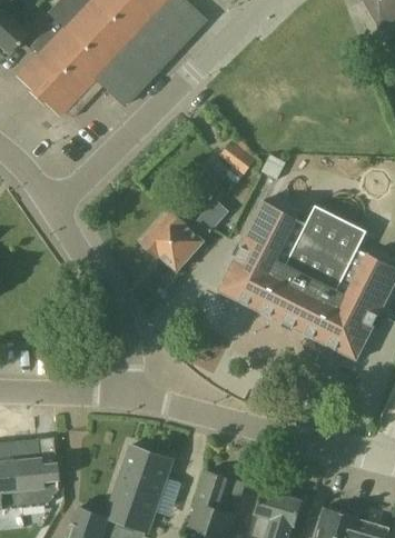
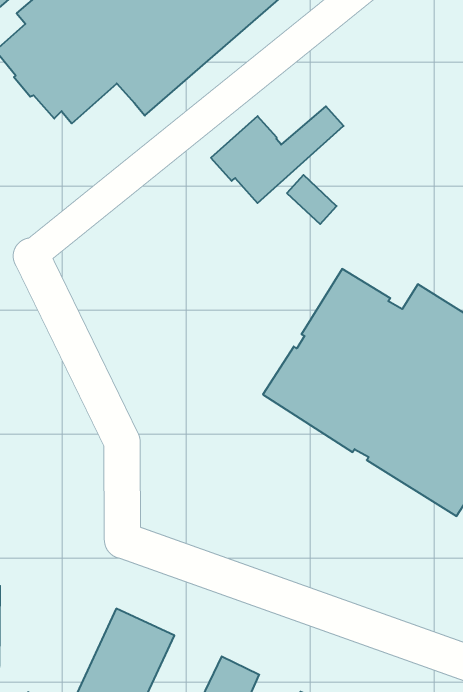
building: [141,200,229,270] -> [211,106,344,203]

